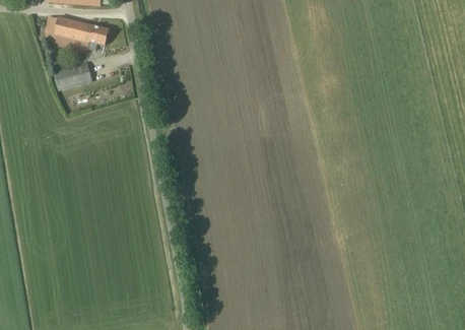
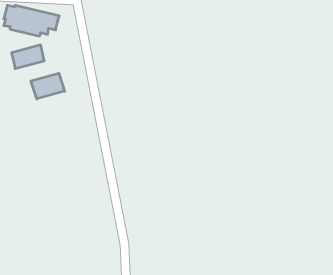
building: none -> [31,73,65,99]

